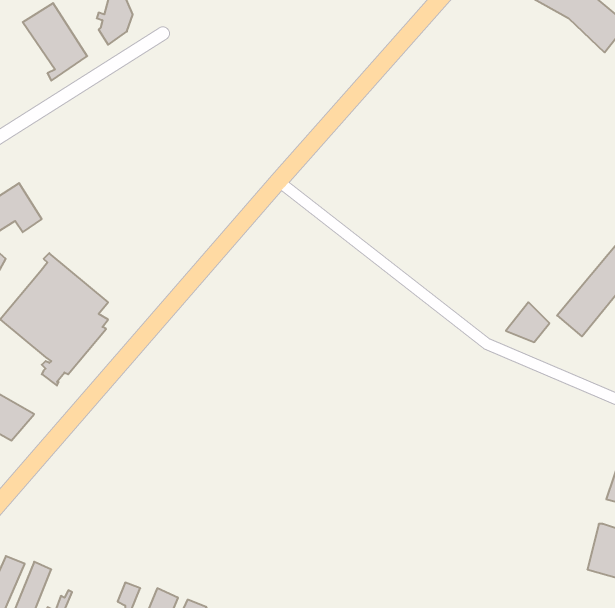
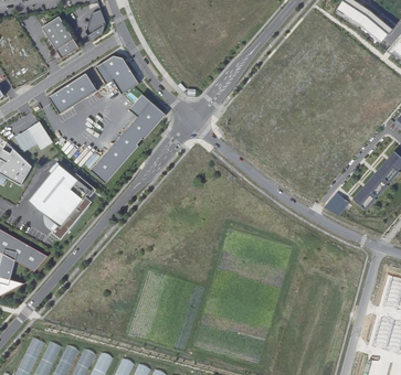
building: none -> [95,54,139,94]
building: none -> [48,72,97,114]
building: none -> [89,93,166,183]

